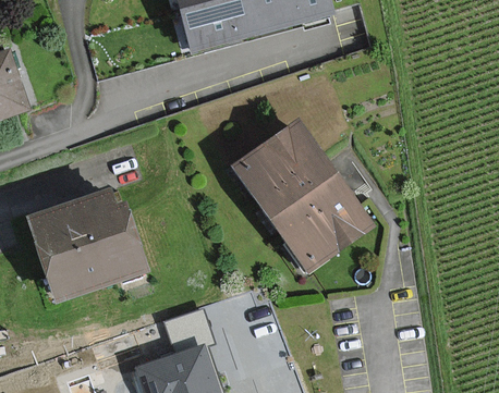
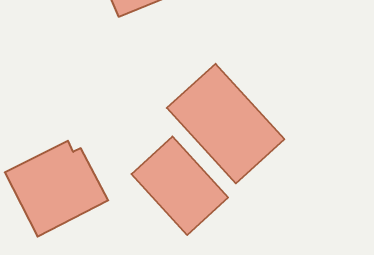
building: none -> [131,136,228,235]

